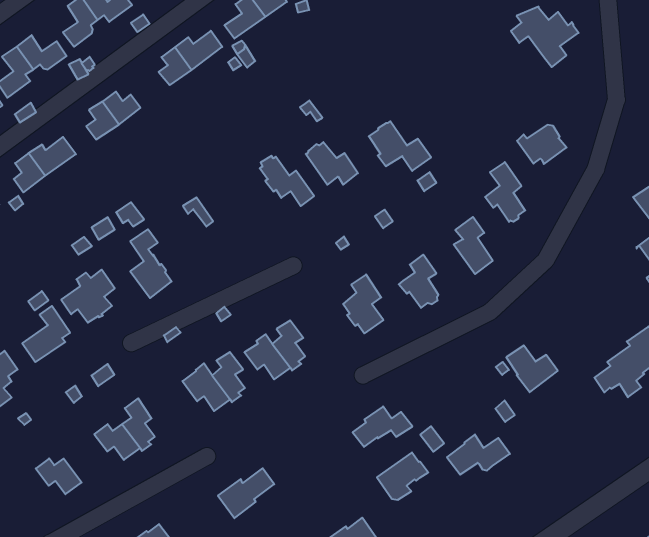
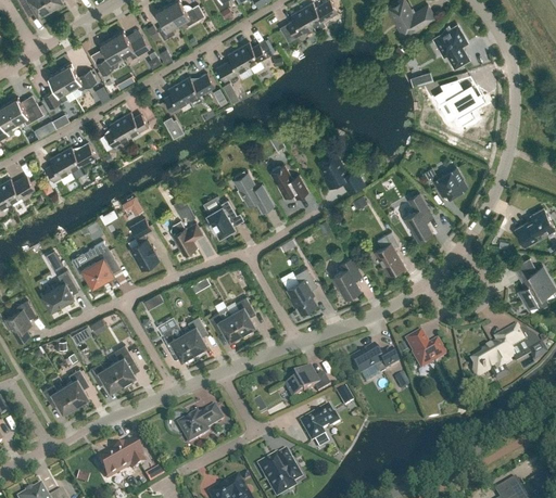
building: none -> [207,200,237,235]
building: none -> [170,220,203,254]
building: [447,434,510,475] -> [352,345,400,374]
building: none -> [65,369,89,405]

